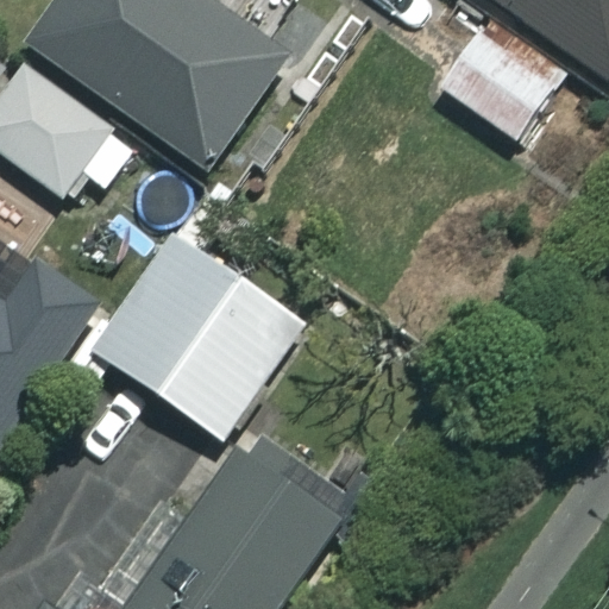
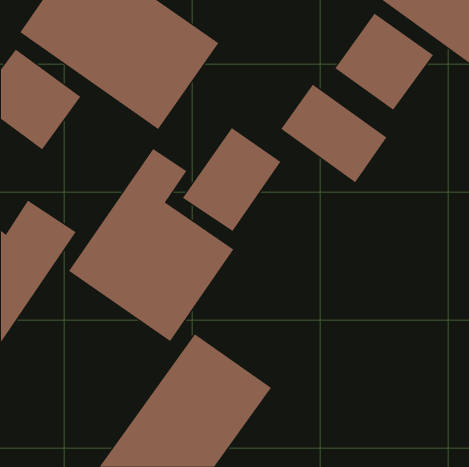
building: none -> [280,84,387,183]
building: none -> [182,127,281,232]

